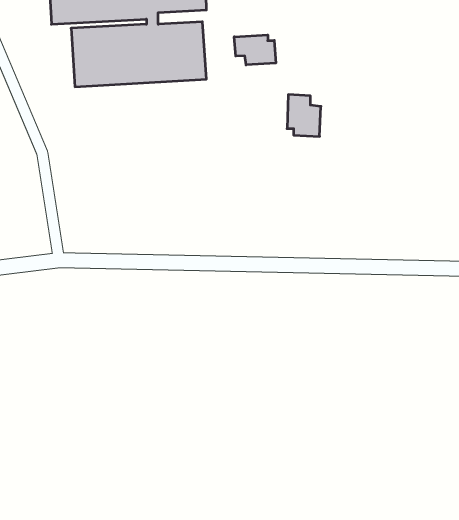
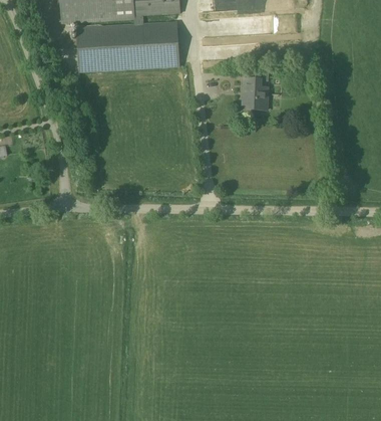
building: [234,35,276,65] -> none

